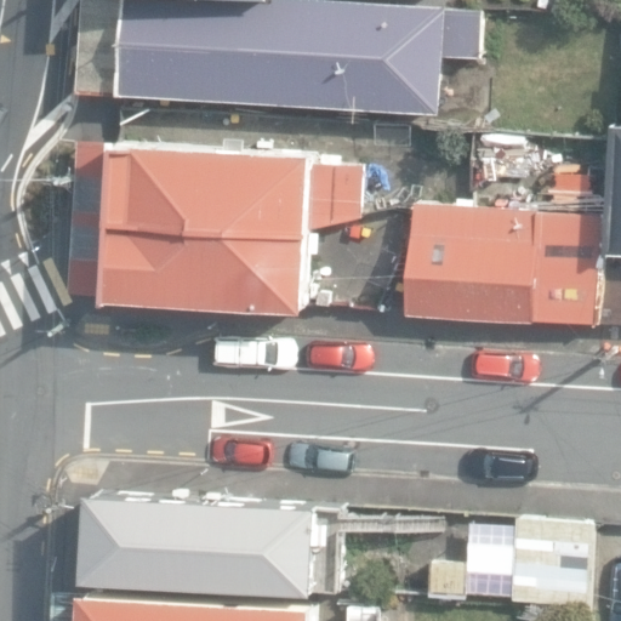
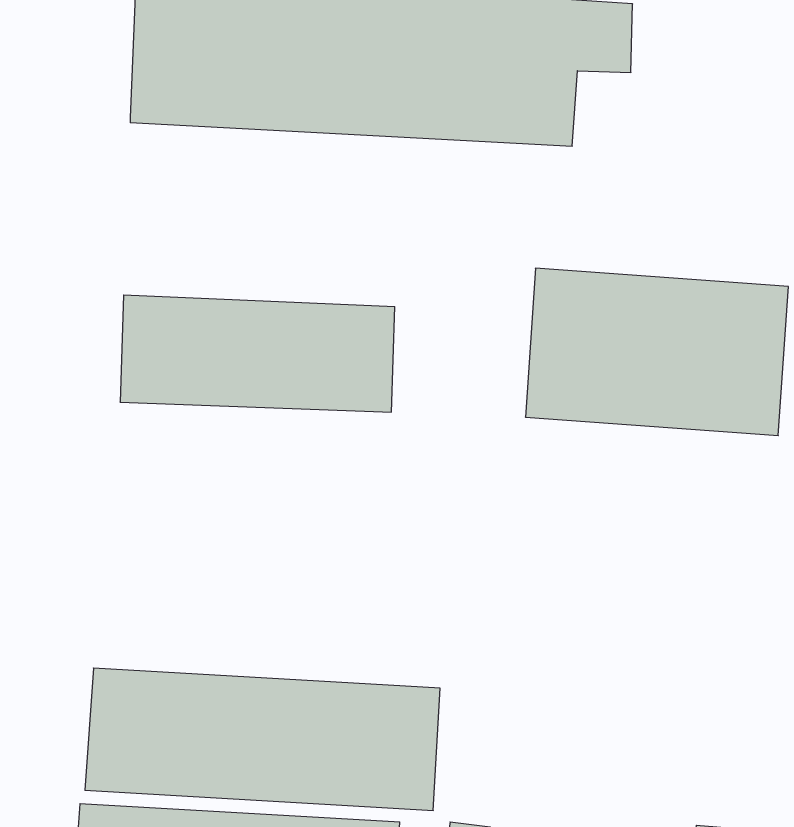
building: [109,149,357,233] -> none
building: [420,508,583,603] -> none

